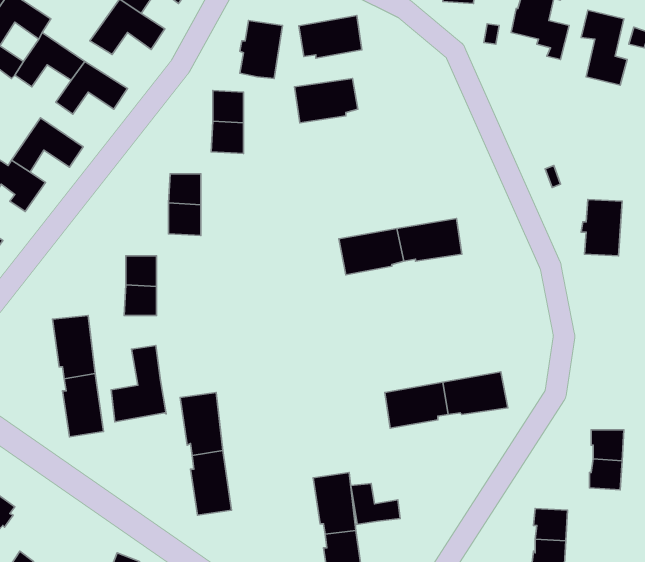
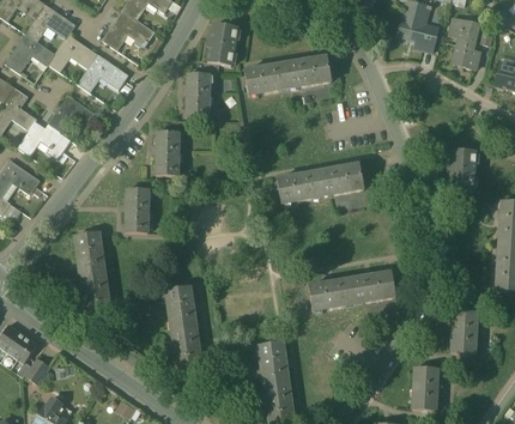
building: [299,16,362,58] -> [286,59,331,89]
building: [111,346,166,422] -> none
building: [351,483,400,525] -> none

